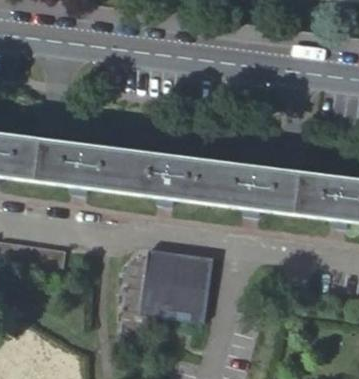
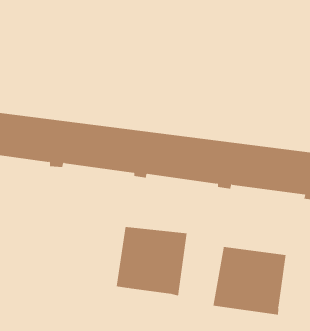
building: none -> [213,246,286,315]

